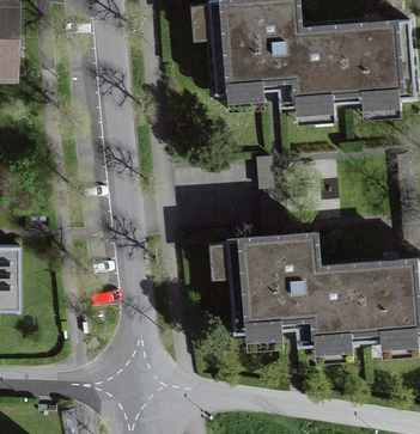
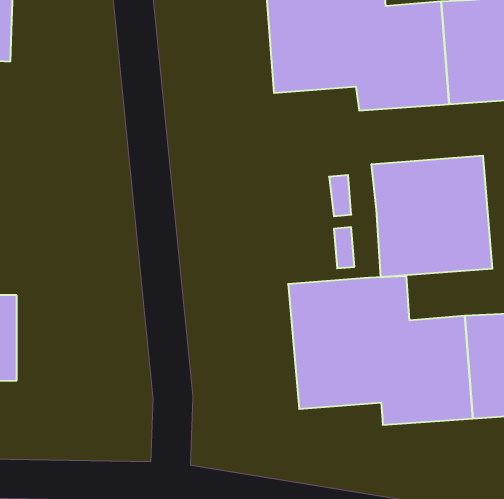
building: none -> [372,156,492,277]

